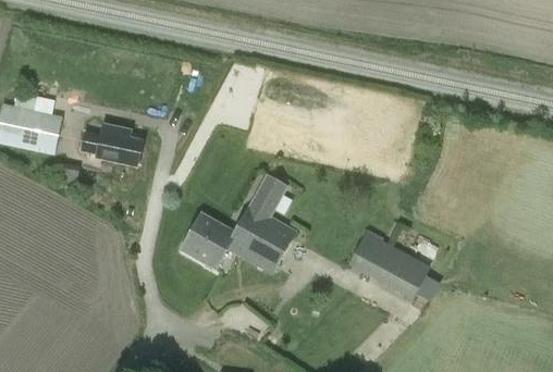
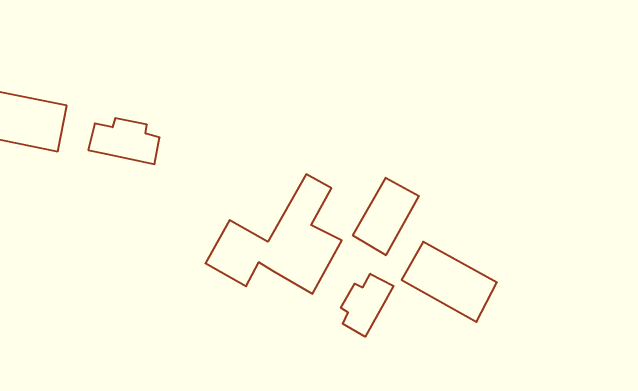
building: none -> [353,178,419,255]
building: none -> [341,274,394,337]

